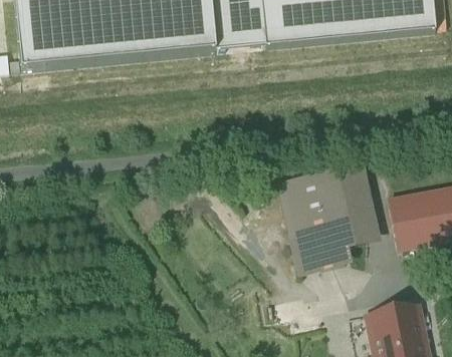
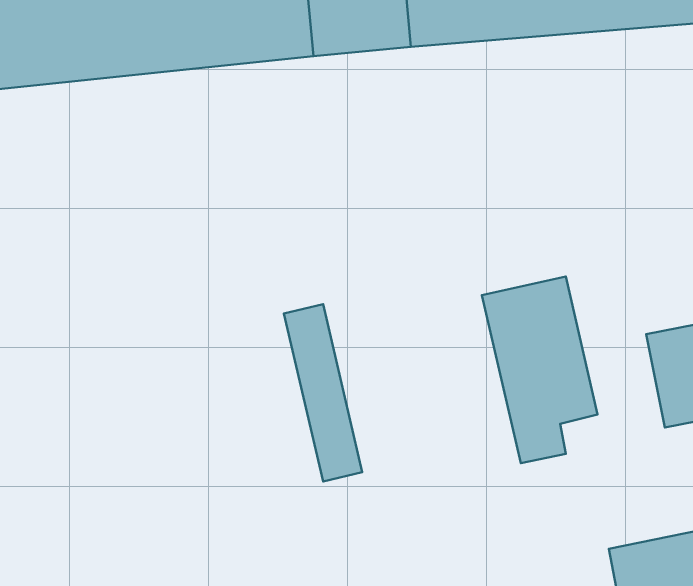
building: [347,161,382,240] -> none
building: [280,175,322,271] -> [284,304,362,482]

